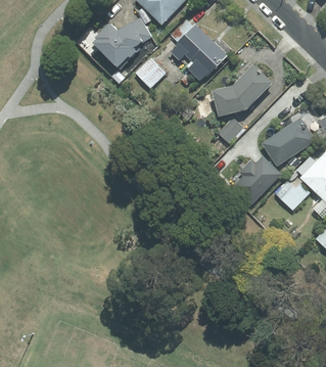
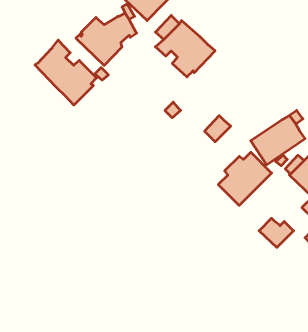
building: none -> [35,40,97,105]
building: [135,57,166,88] -> none
building: [215,62,275,114] -> none
building: [275,181,309,210] -> [259,218,294,247]

